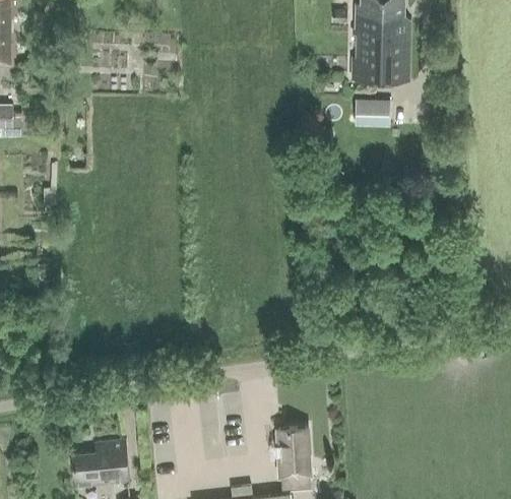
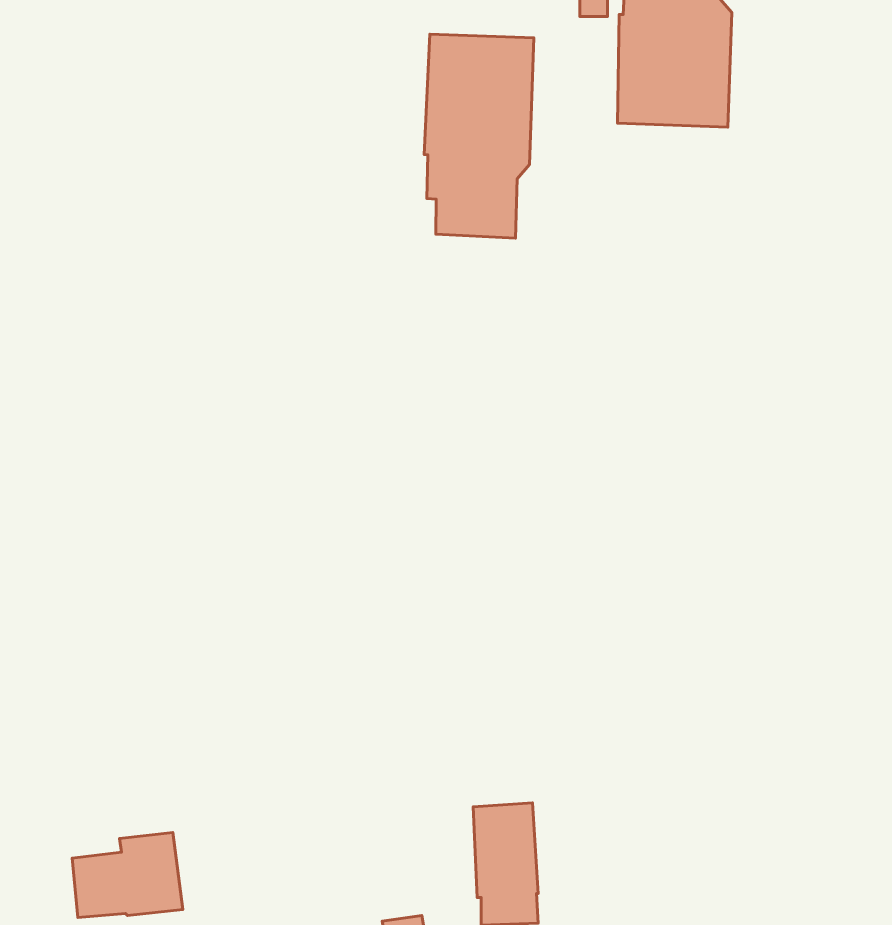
building: none -> [424,34,534,238]
building: [356,101,391,127] -> none

